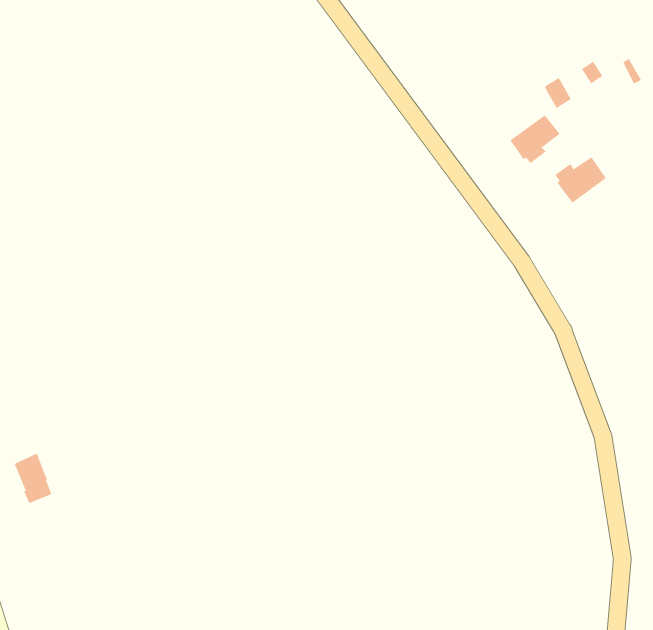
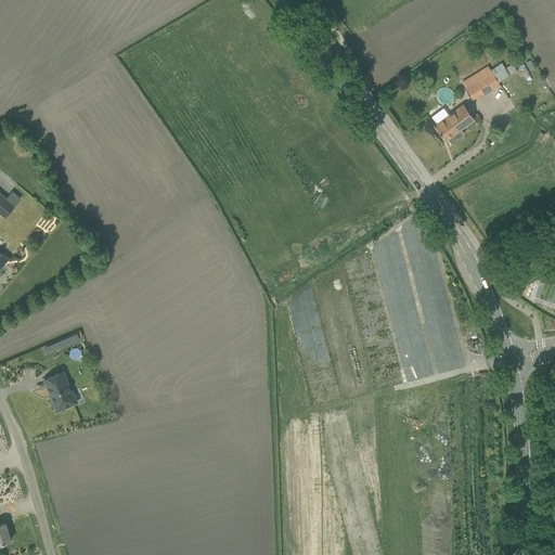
building: [555,156,607,204] -> none

